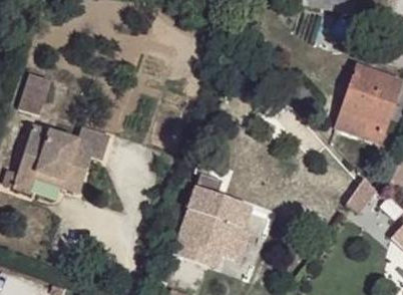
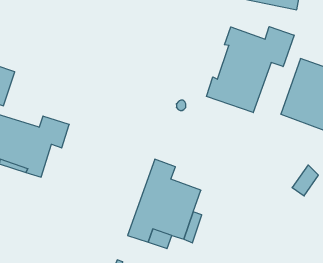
building: none -> [207,27,294,113]

